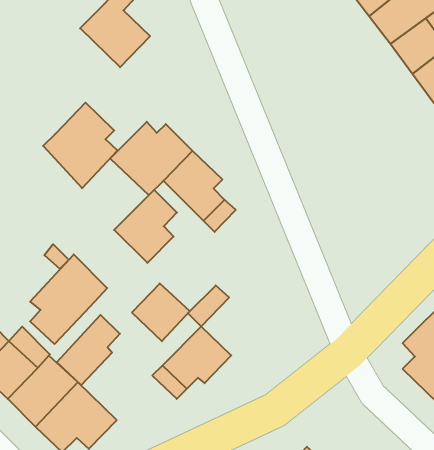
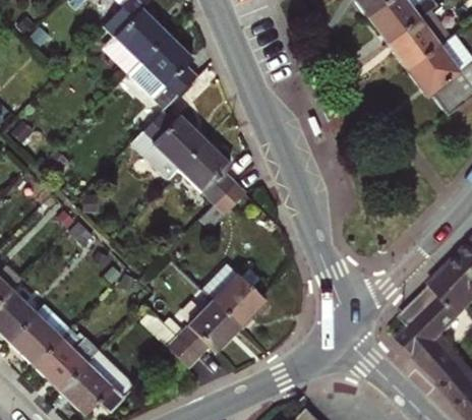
building: [43,103,118,188] -> [126,35,194,113]
building: [114,190,177,263] -> none
building: [30,254,107,344] -> none
building: [132,283,190,341] -> [212,274,264,326]
building: [57,315,120,385] -> none

